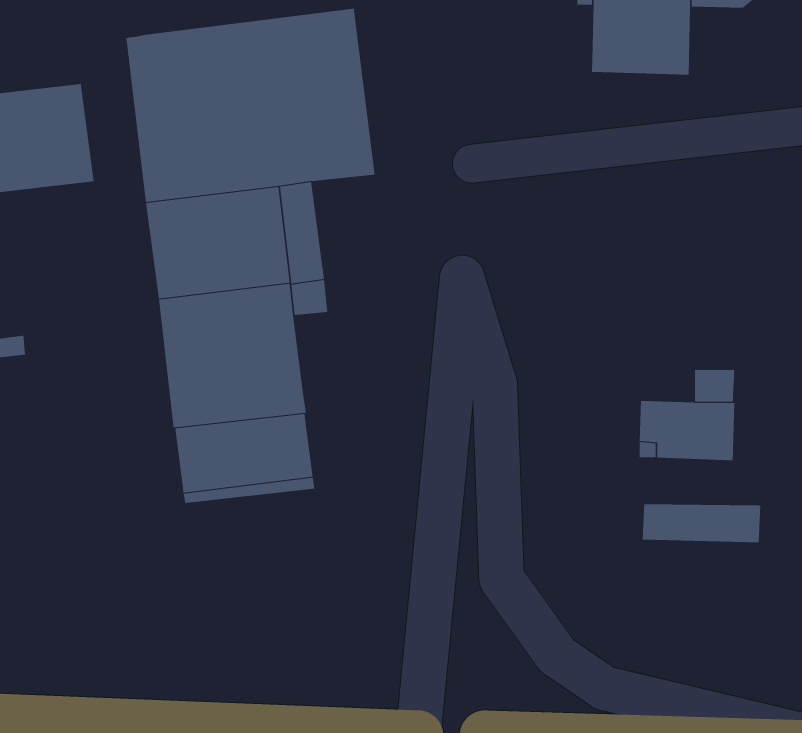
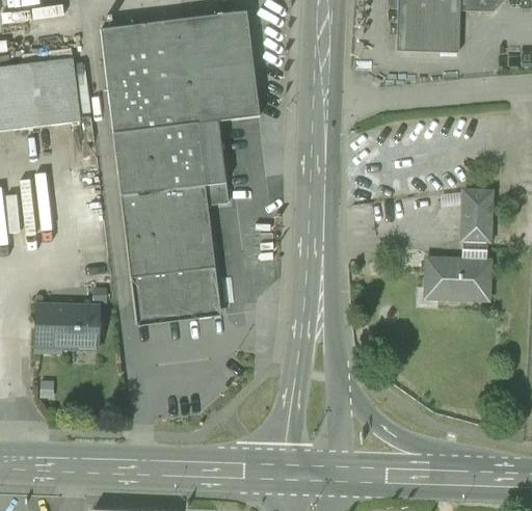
building: none -> [461,190,490,239]
building: none -> [34,303,99,352]
building: [642,503,761,543] -> none

